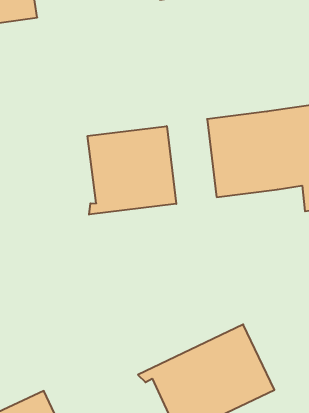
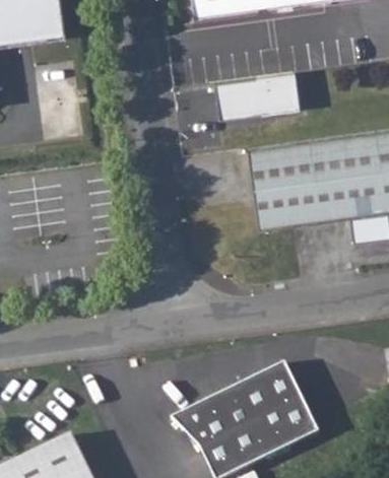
building: none -> [219,72,305,118]
building: [88,126,176,215] -> none

